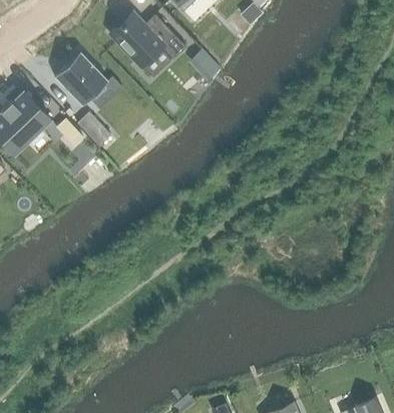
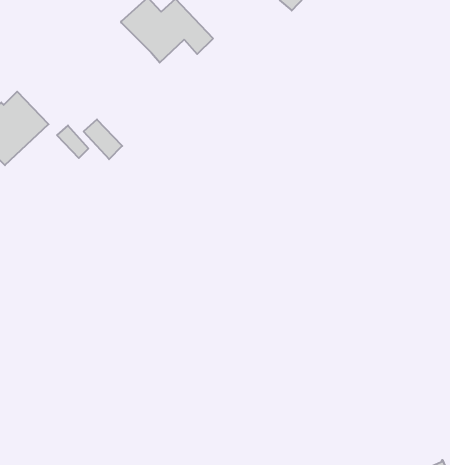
building: [54,51,108,105] -> none

